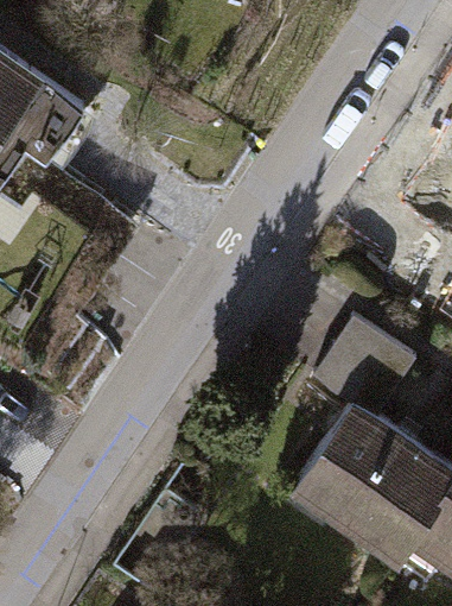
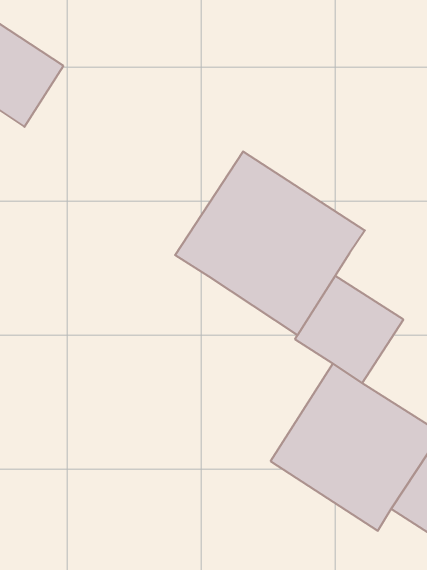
building: none -> [175,151,365,335]

